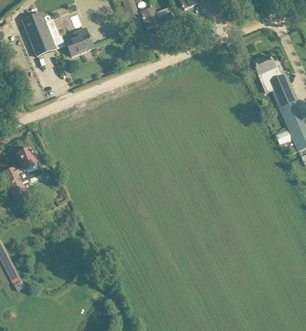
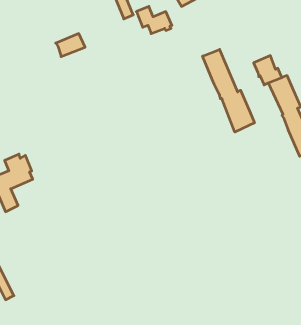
building: [20,11,62,54] -> none
building: none -> [203,49,254,132]

